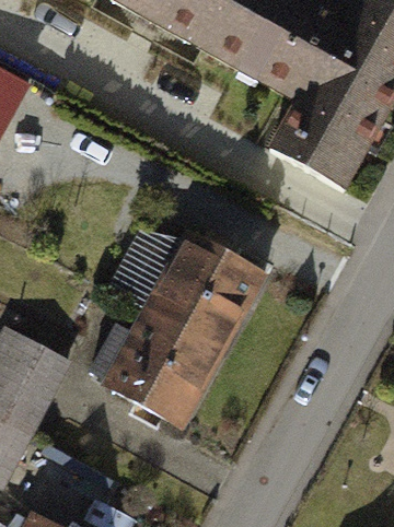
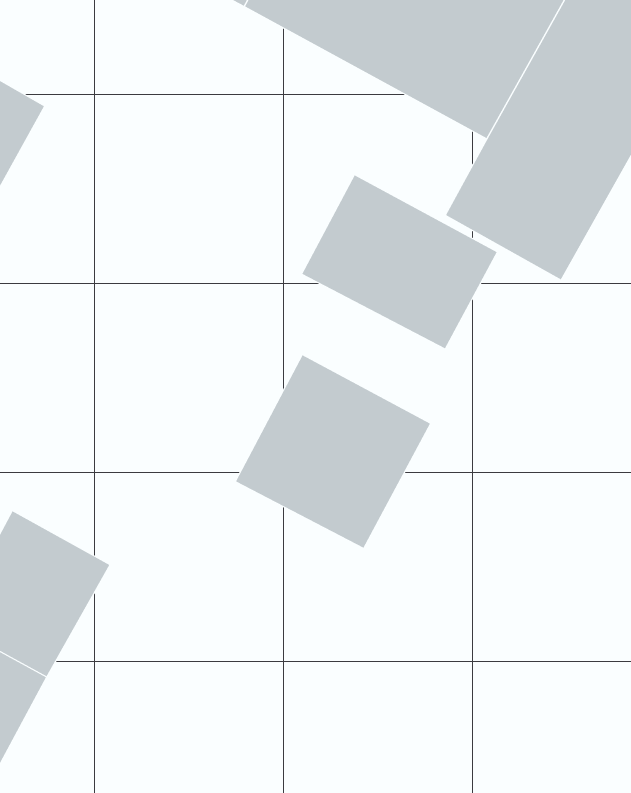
building: none -> [302,174,498,349]
building: [104,308,222,426] -> none

